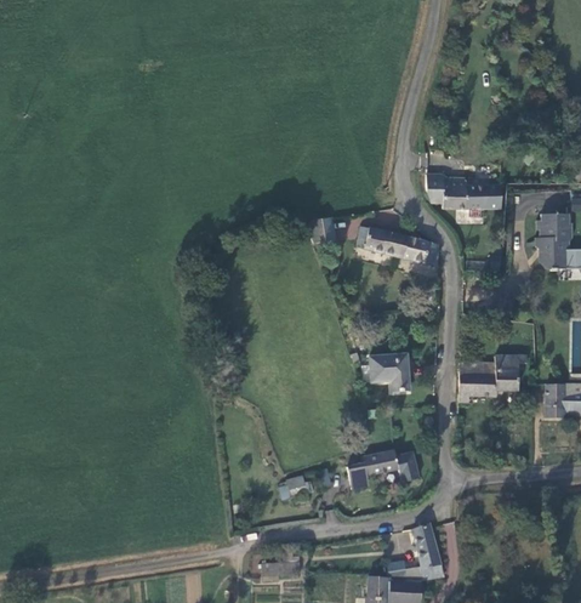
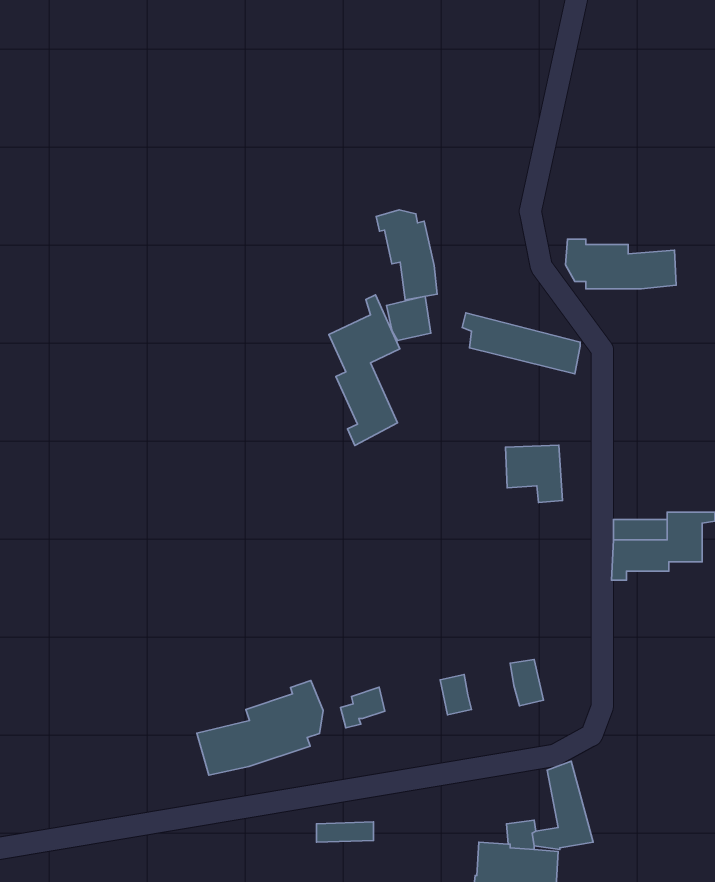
building: none -> [376,210,437,300]
building: none -> [329,295,400,445]
building: [370,355,408,393] -> [505,445,563,502]
building: [359,451,393,476] -> none
building: none -> [197,681,323,775]

